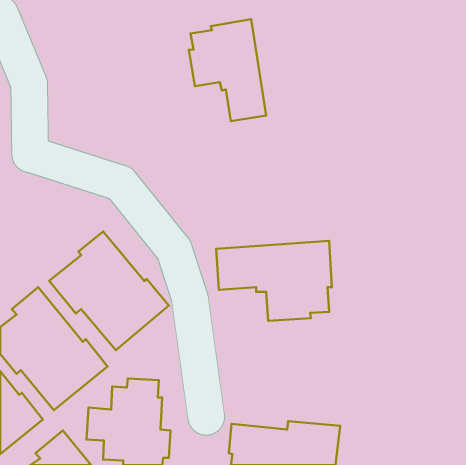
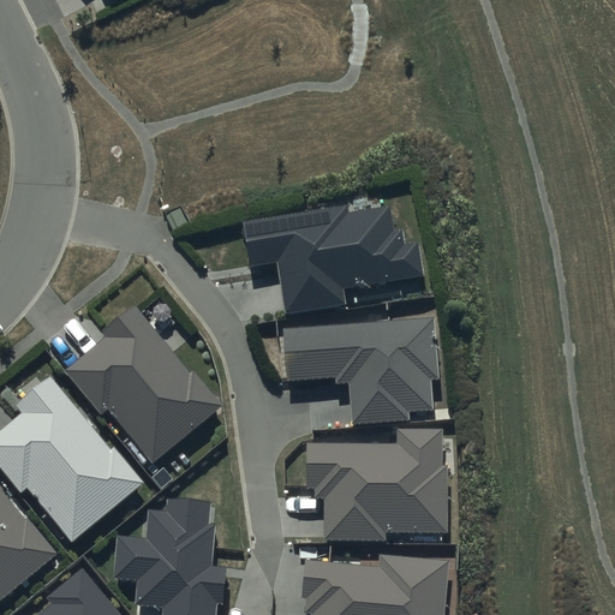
building: [189,19,266,121] -> none
building: none -> [244,205,422,314]
building: none -> [306,429,447,541]

